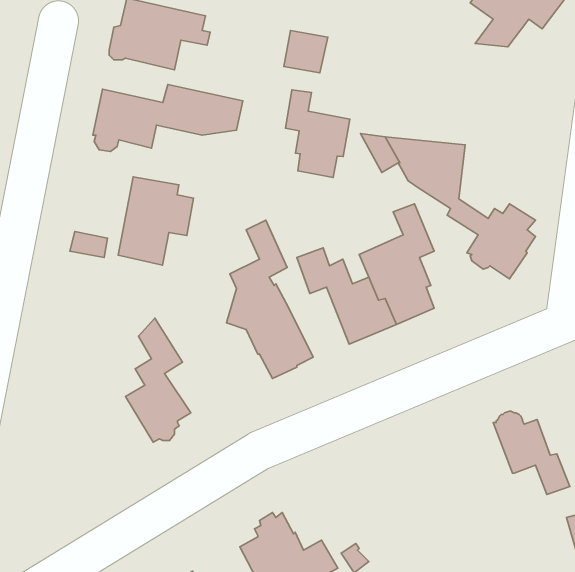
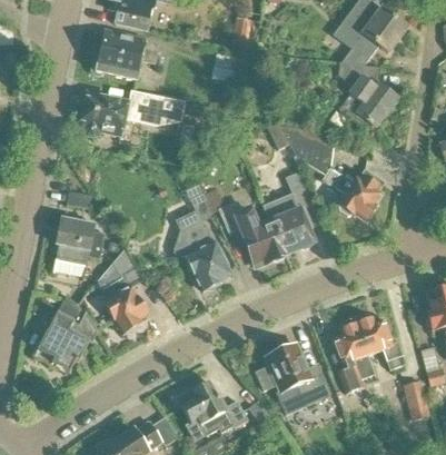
building: none -> [338,62,396,128]
building: [285,90,350,177] -> none
building: [118,177,193,265] -> [53,218,105,278]
building: none -> [33,299,98,372]
building: none -> [331,319,375,394]
building: none -> [255,344,330,414]

